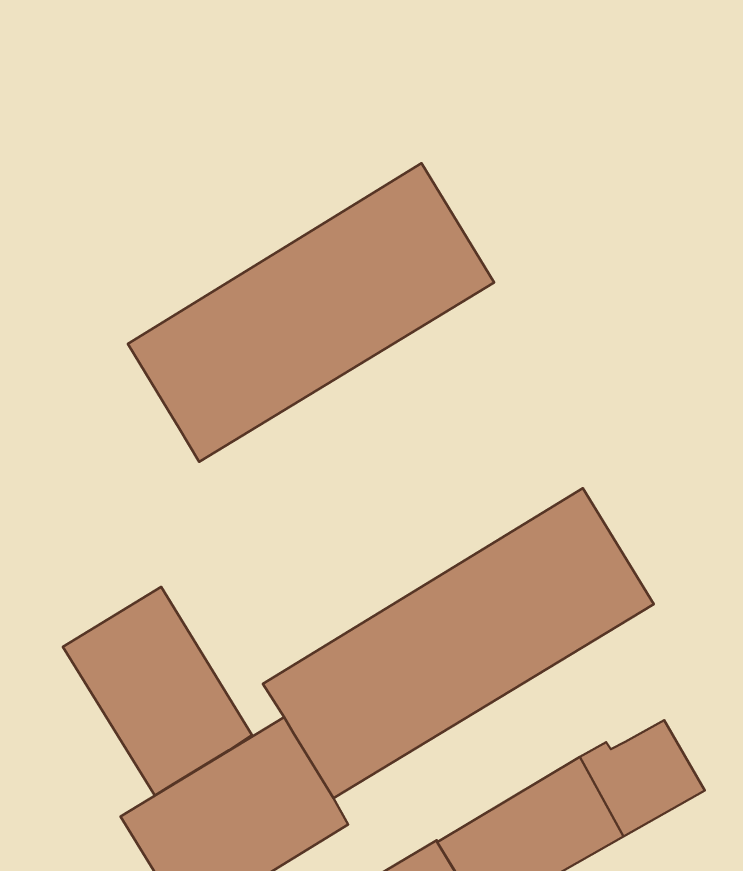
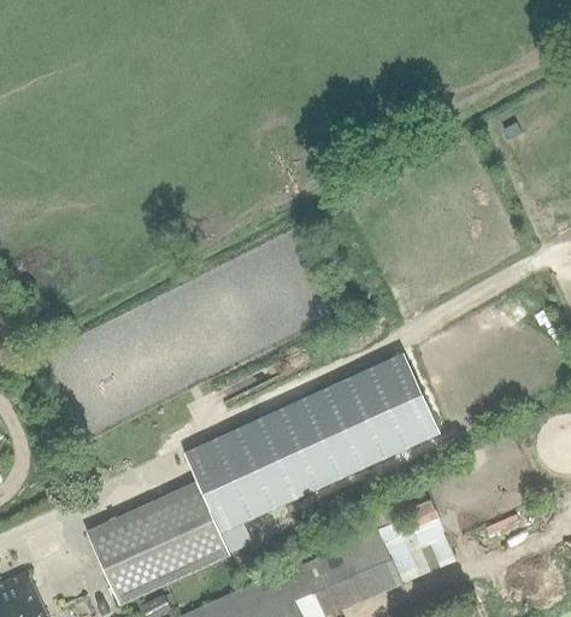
building: [128,163,494,462] -> none
building: [63,587,252,796] -> none

